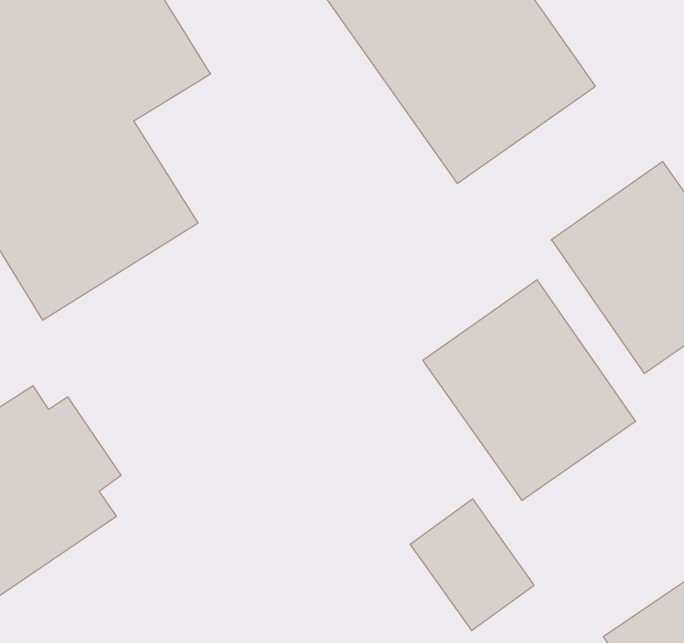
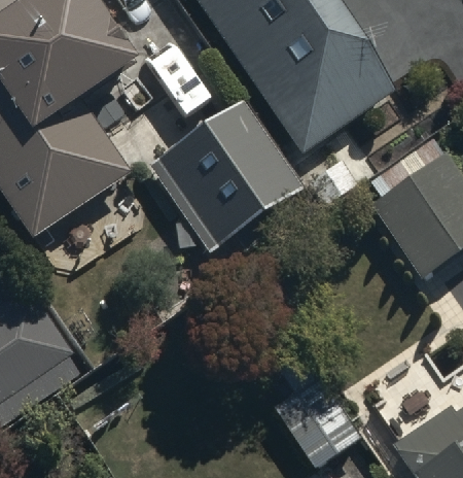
building: none -> [151,102,302,254]
building: [423,280,635,500] -> none

